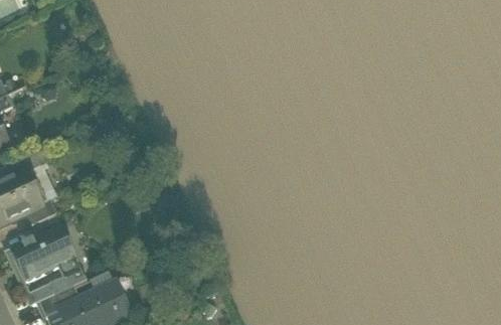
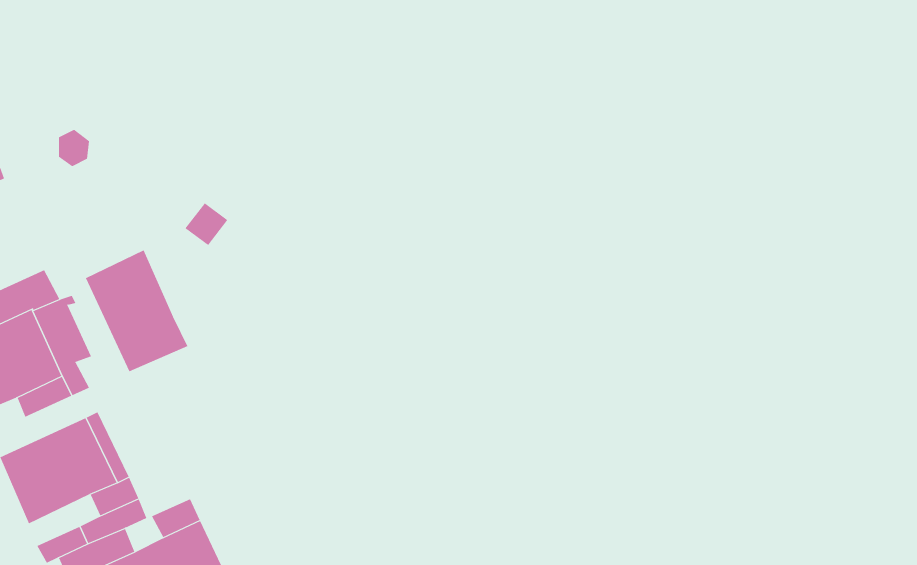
building: none -> [85,249,188,372]

